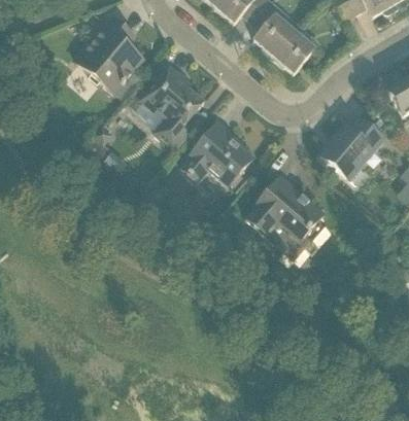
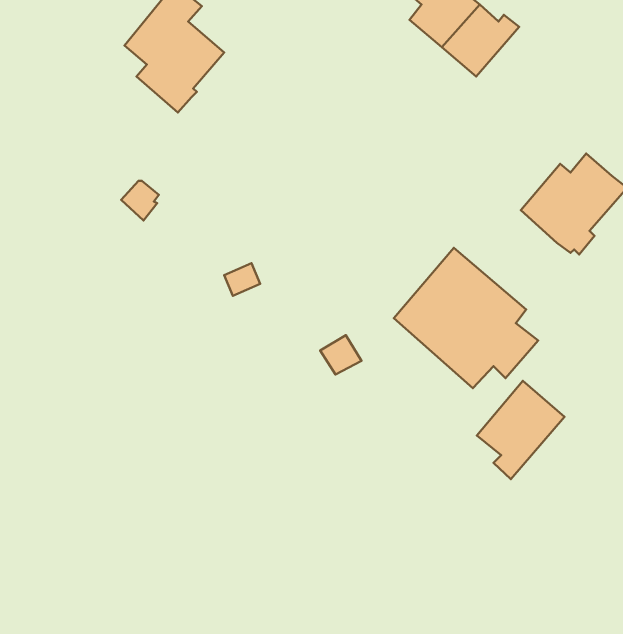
building: [140,64,204,150] -> none
building: [179,121,253,186] -> none
building: none -> [477,381,564,479]

